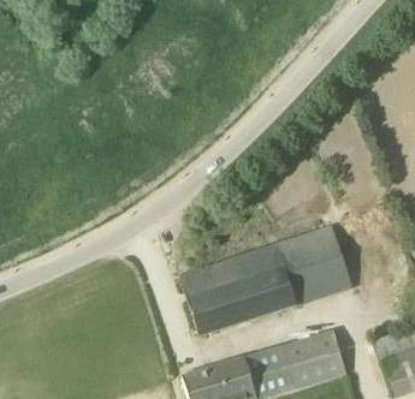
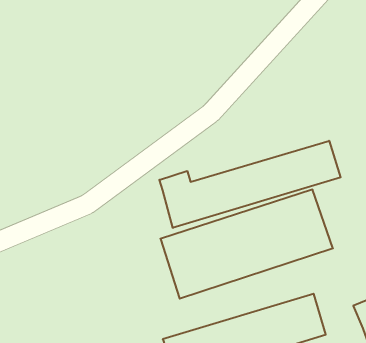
building: none -> [159,141,341,228]

